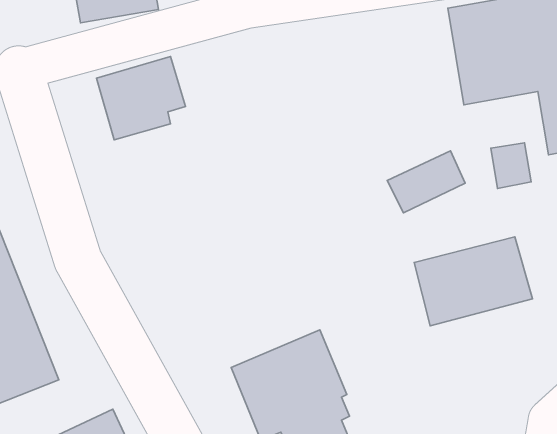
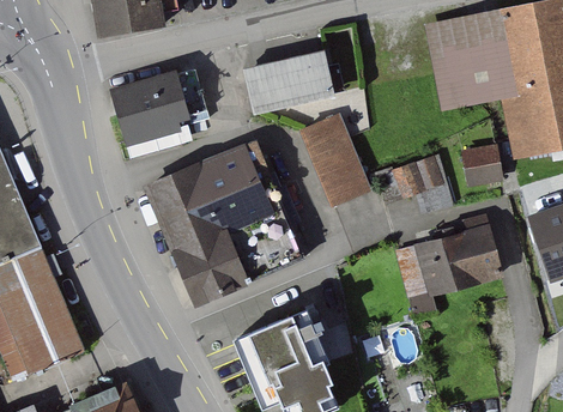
building: none -> [249,53,339,117]
building: none -> [301,116,369,204]
building: none -> [147,140,287,302]

